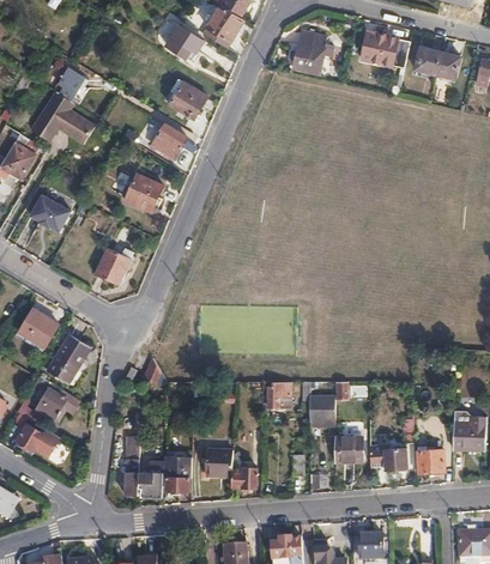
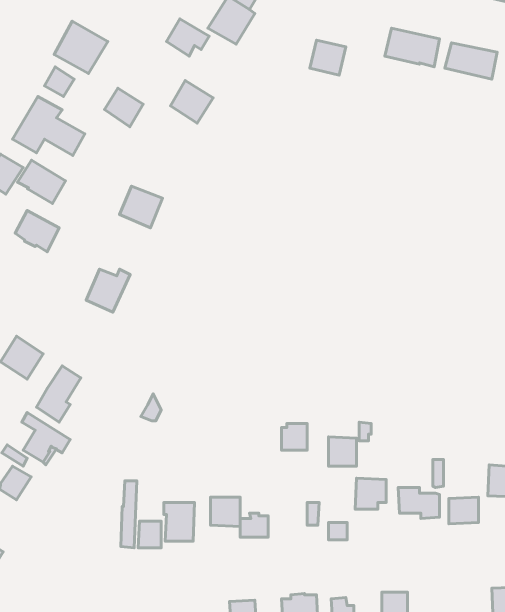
building: none -> [54,21,108,74]
building: [152,122,187,157] -> [104,88,143,127]
building: none -> [17,160,66,203]

